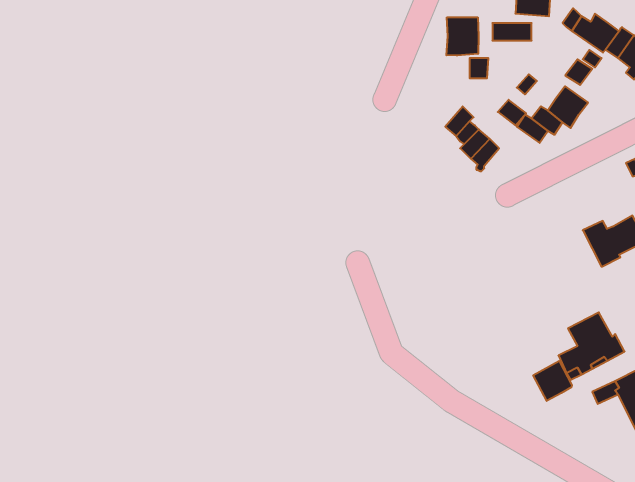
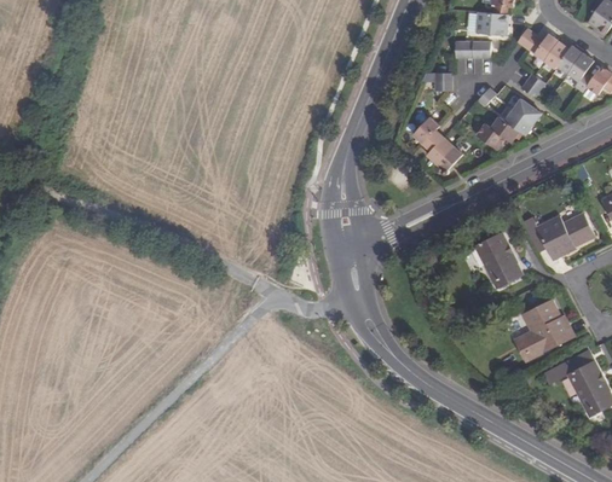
building: [446,17,479,56] -> none
building: none -> [475,234,521,288]
building: [533,361,572,401] -> none

